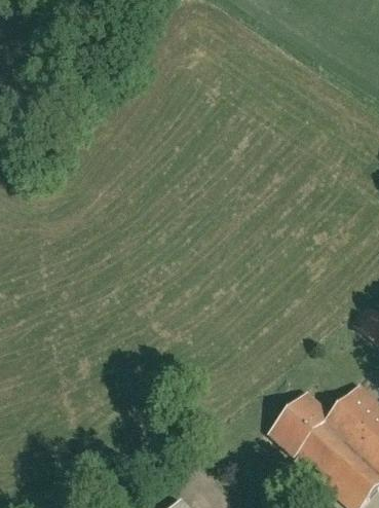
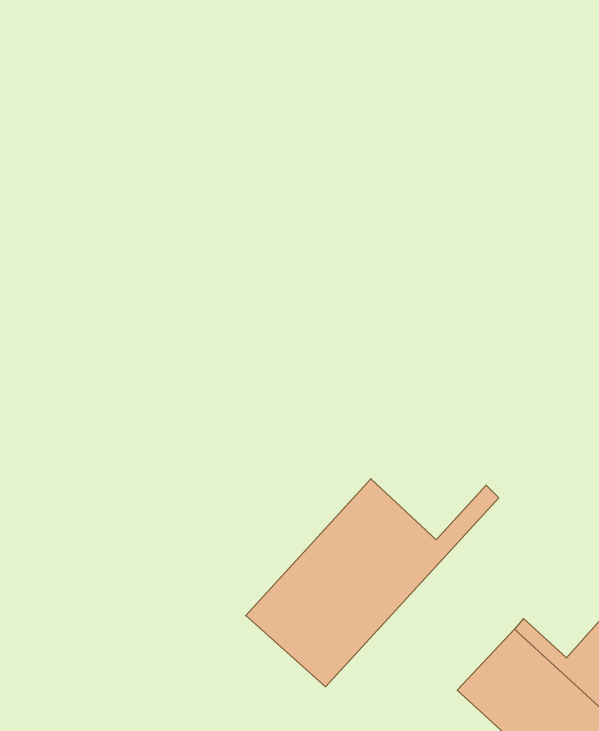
building: none -> [246,479,499,687]

